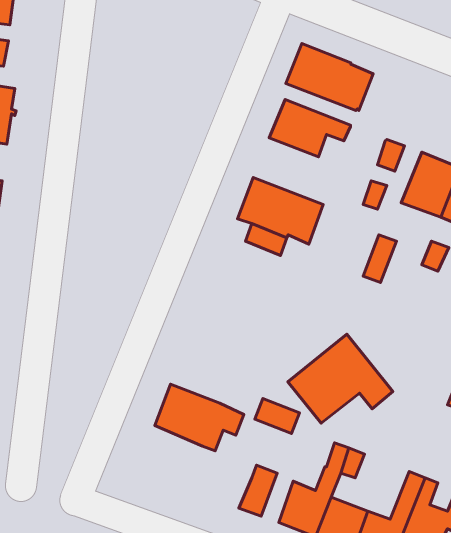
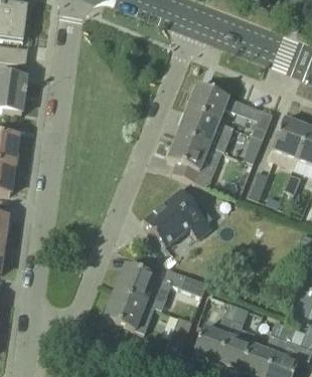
building: [286,44,373,110] -> [177,108,232,150]
building: [288,334,393,423] -> [144,189,210,245]
building: none -> [104,290,149,332]

